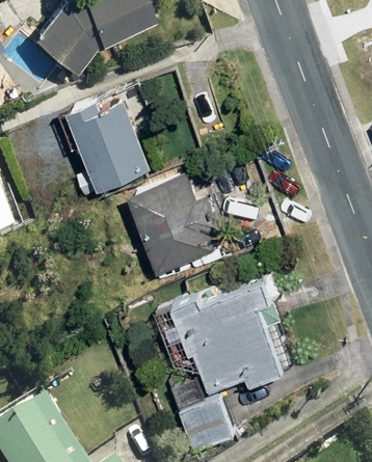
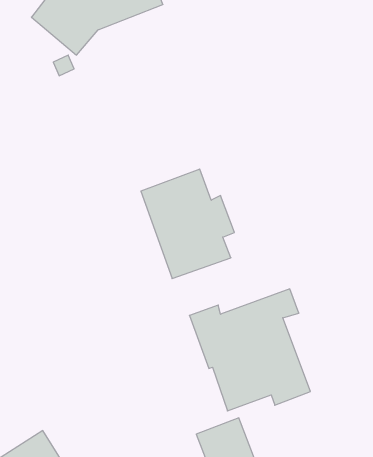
building: [73,101,149,200] -> none

